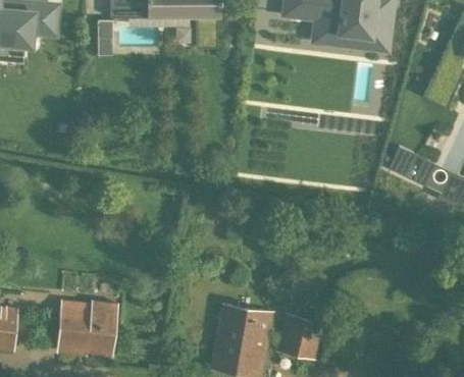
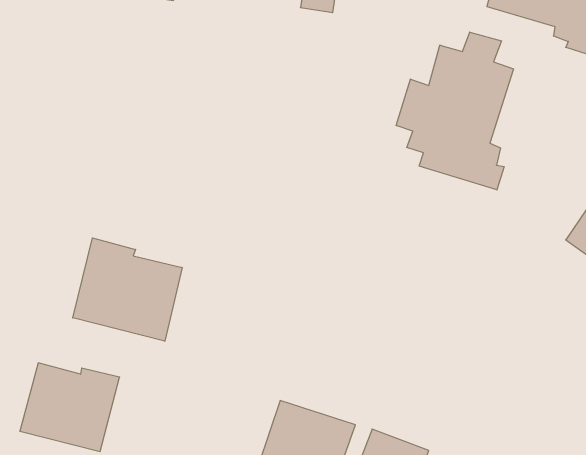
building: none -> [396,32,514,190]
building: none -> [73,238,182,341]

